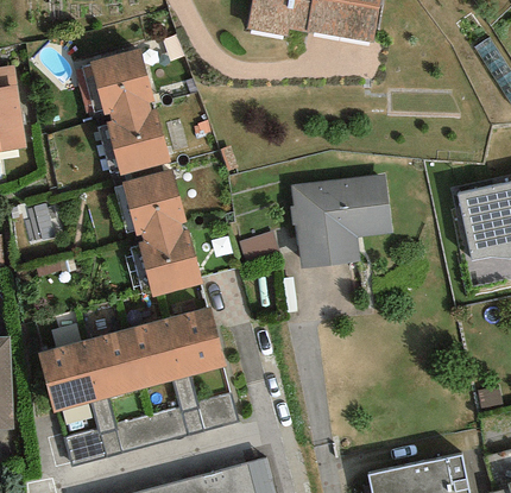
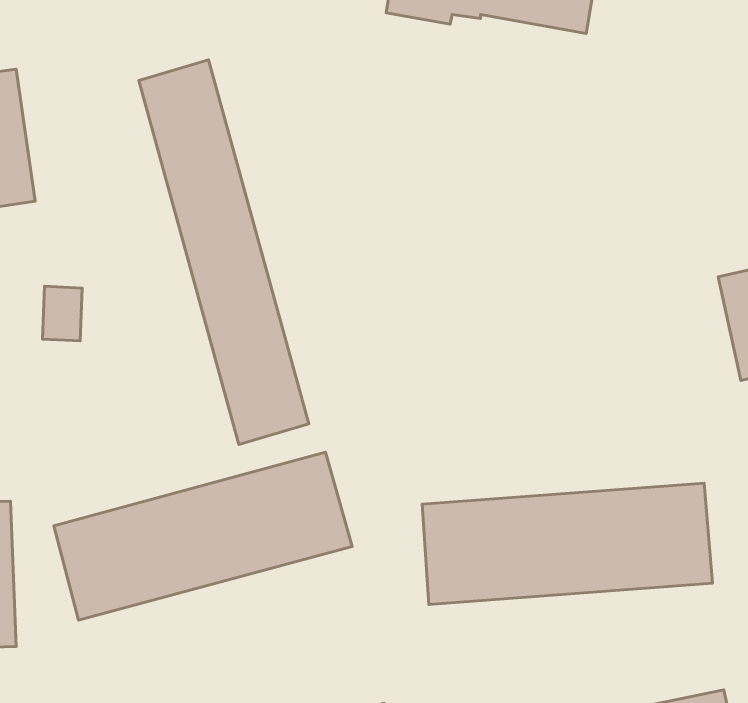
building: [288,182,385,268] -> none
building: none -> [422,483,713,605]
building: [68,394,239,453] -> none

